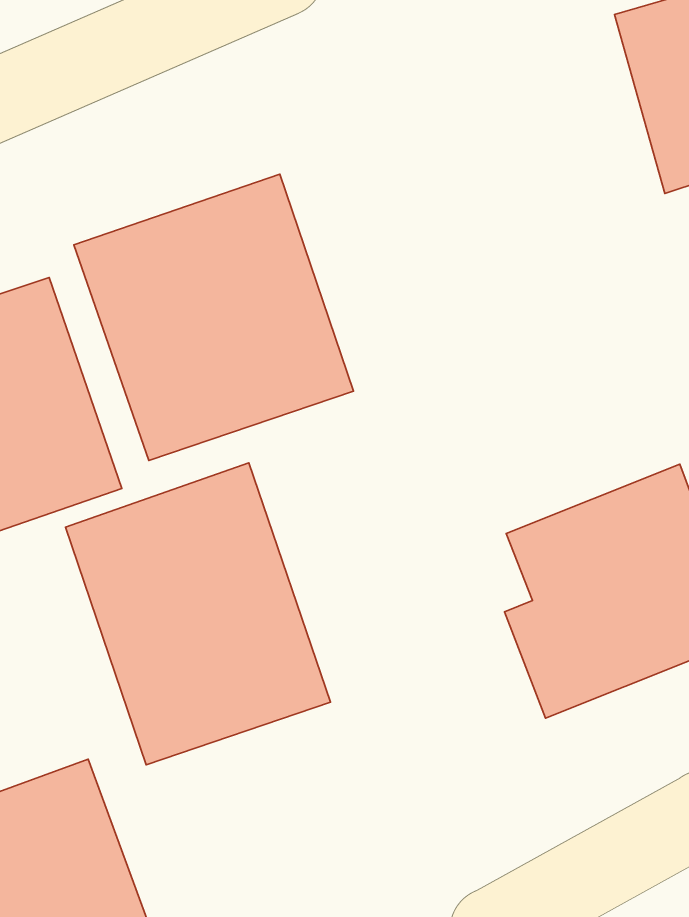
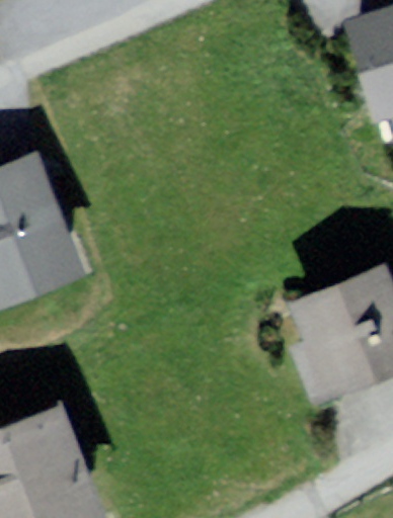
building: [74,174,354,460] -> none
building: [65,463,331,765] -> none

